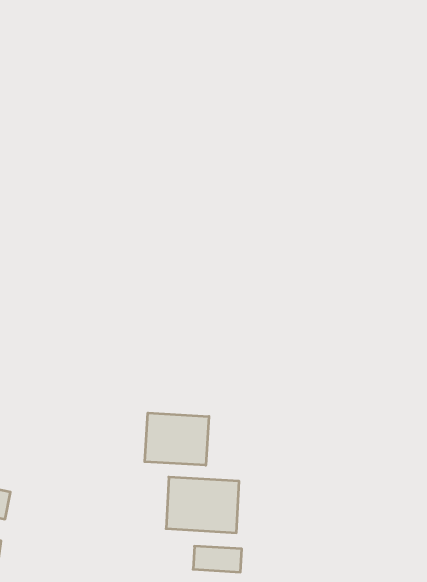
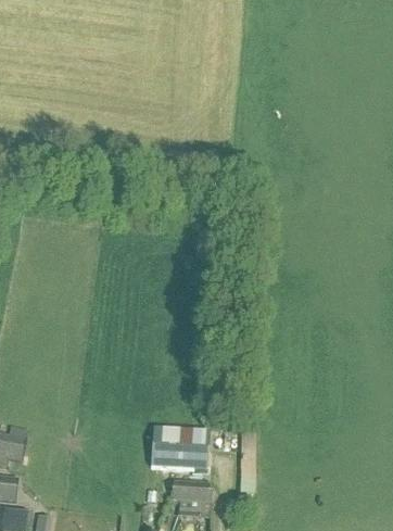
building: [145,413,209,465] -> none

